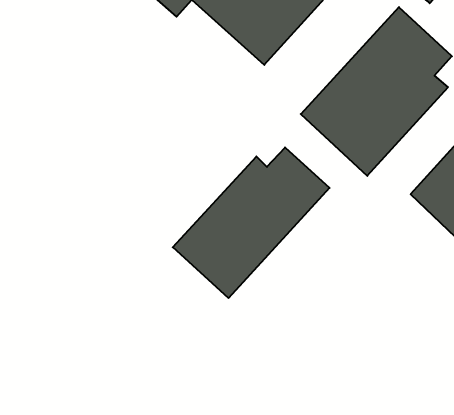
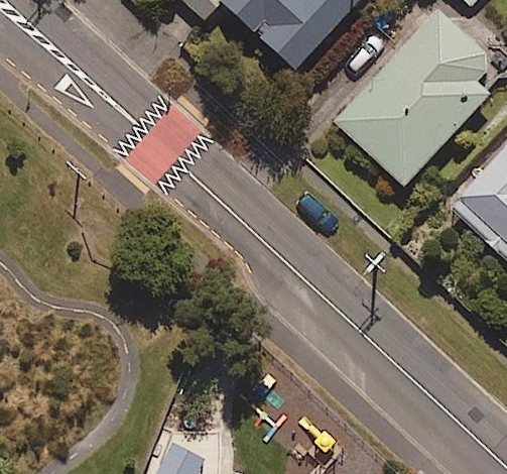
building: [173,147,330,298] -> none

